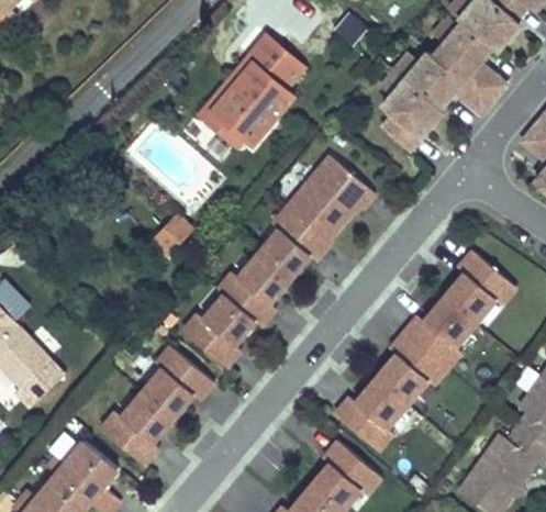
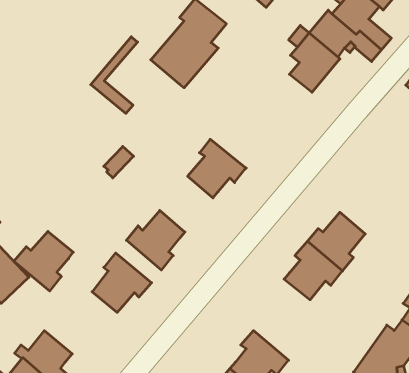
building: [197,56,254,149] -> [91,37,138,113]
building: [286,154,375,240] -> none
building: [444,249,515,322] -> none
building: [218,252,289,324] -> none
building: [334,377,408,450] -> none
building: [100,392,172,465] -> [14,231,73,291]

